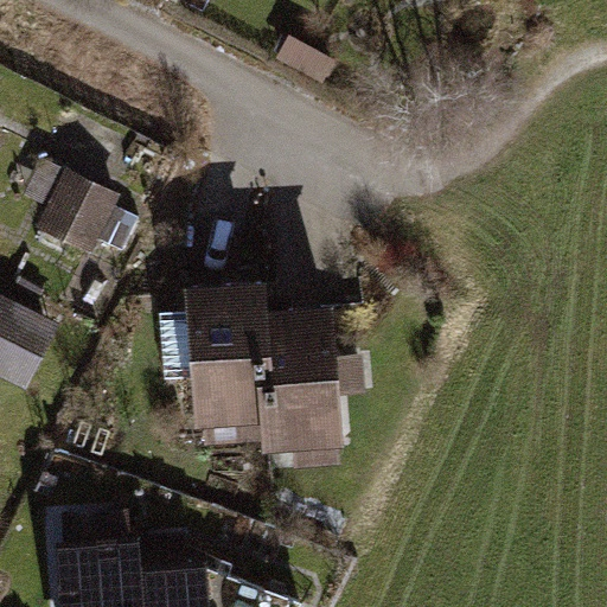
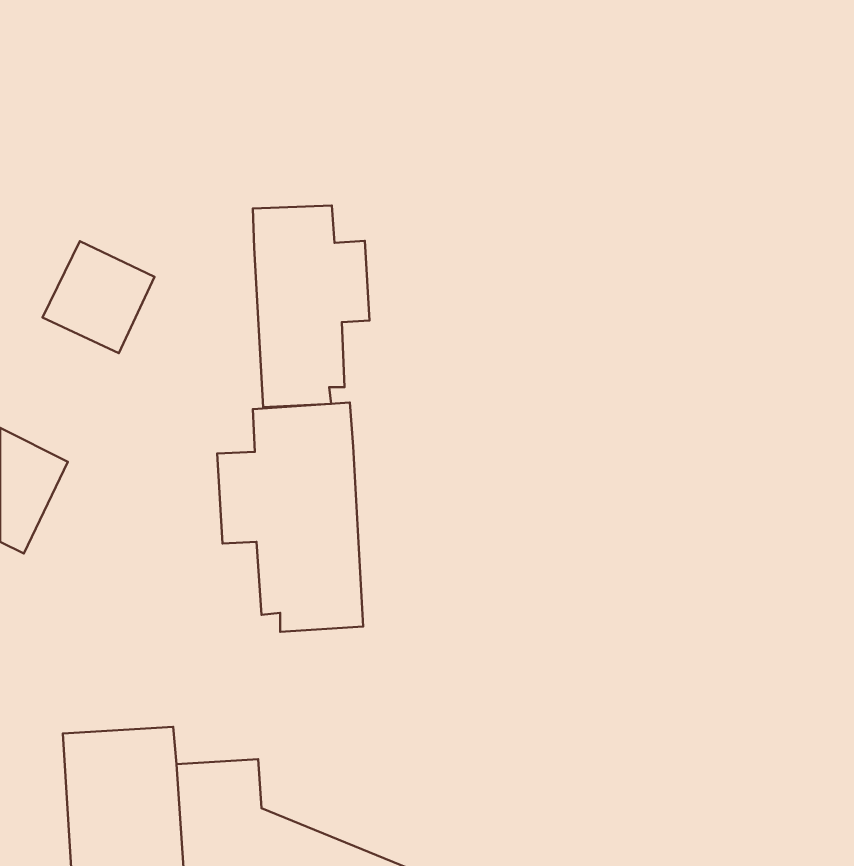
building: none -> [253,205,369,407]
building: [256,309,364,468] -> none

